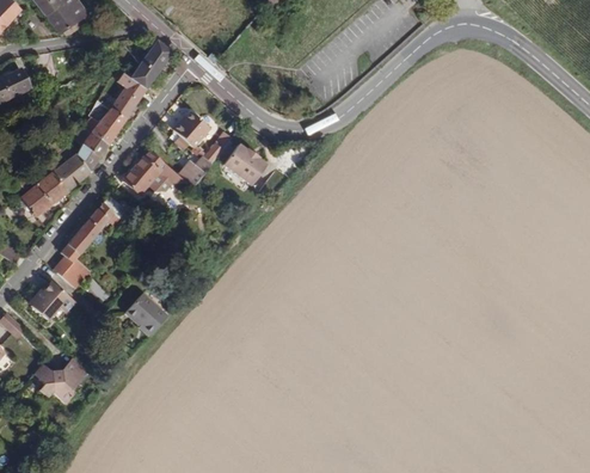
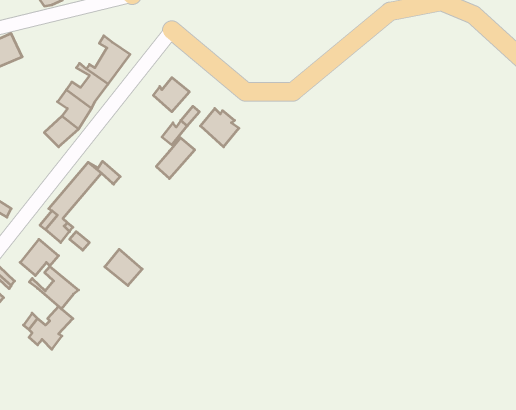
building: [130,31,176,84] -> none
building: [128,146,170,190] -> [156,138,195,179]
building: [24,168,72,215] -> none
building: none -> [29,266,79,309]

